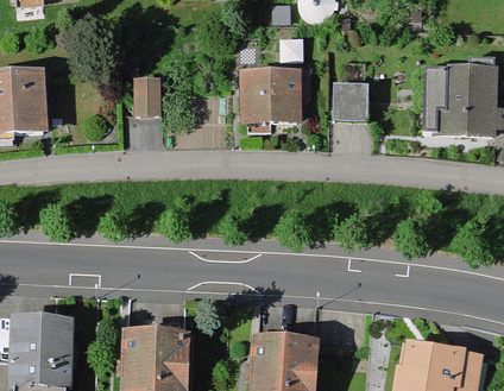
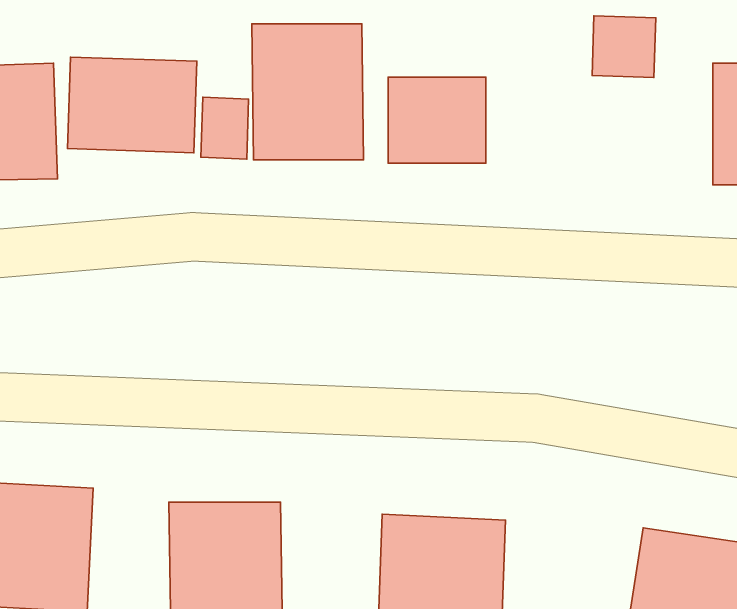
building: none -> [252,24,363,160]
building: none -> [68,57,197,153]
building: [335,87,373,124] -> [592,16,656,78]

